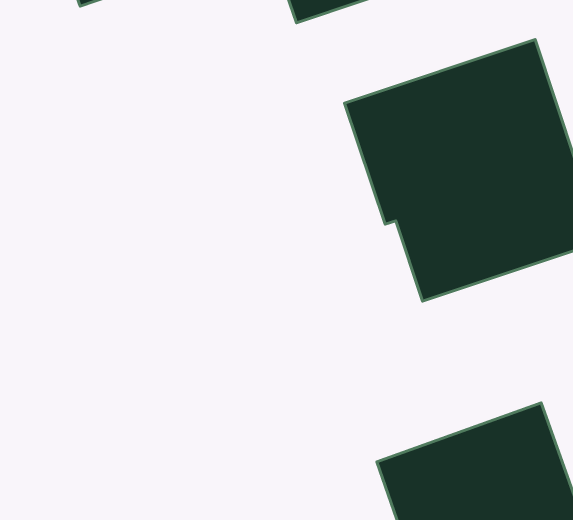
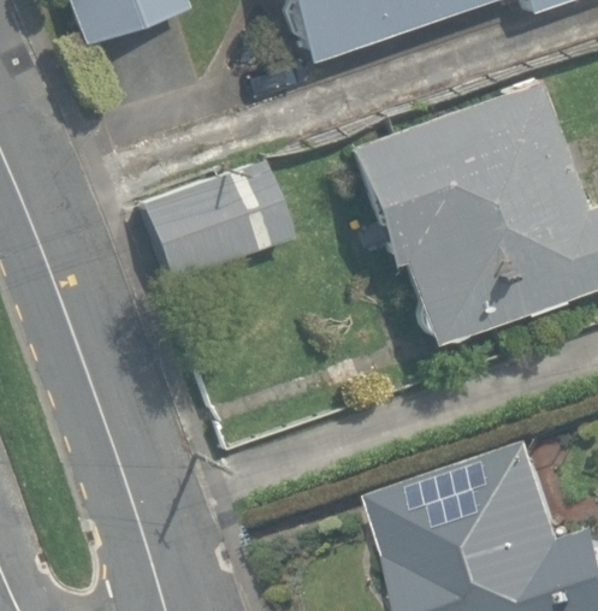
building: none -> [146,158,296,280]

